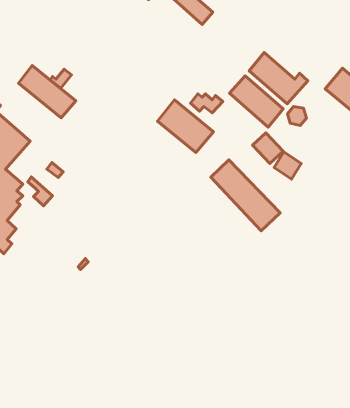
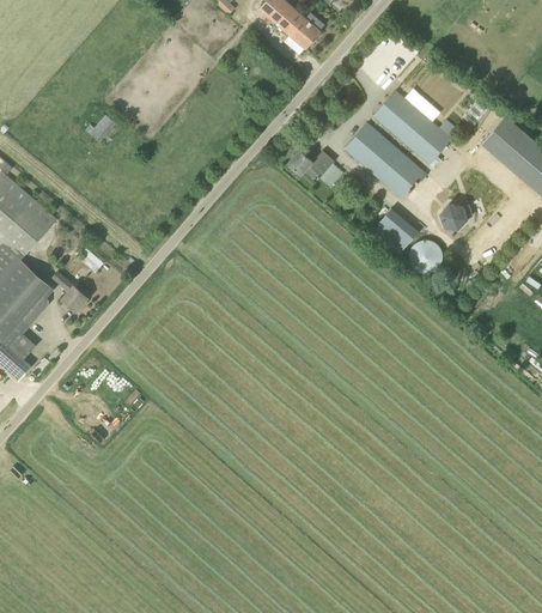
building: [18,65,76,118] -> none
building: [157,100,214,153] -> none
building: [288,106,307,126] -> [439,204,467,231]
building: [211,160,280,231] -> none

